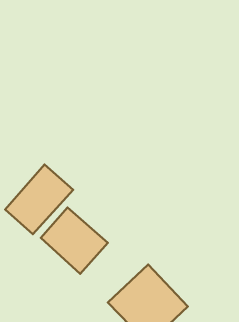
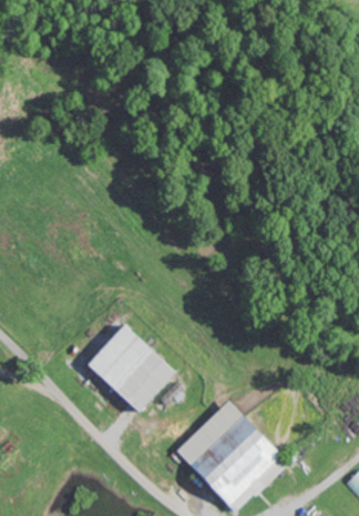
building: [5,164,73,234] -> none

